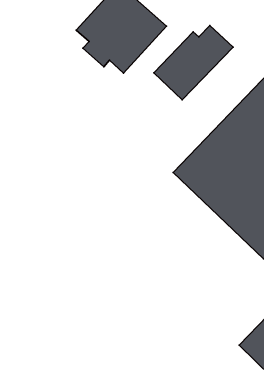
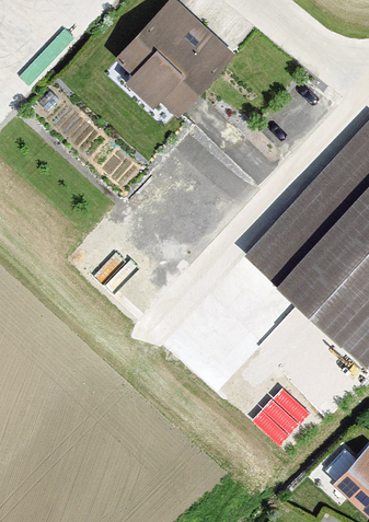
building: [154,25,233,100] -> none

